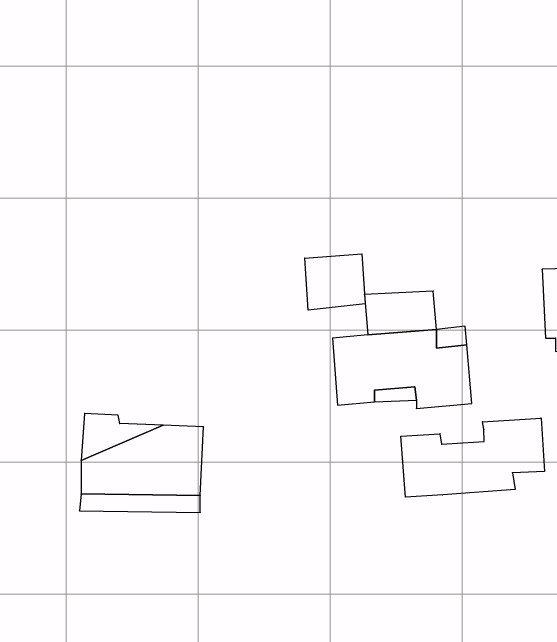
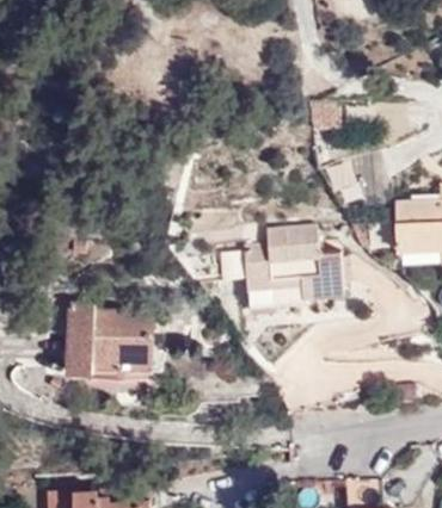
building: [305,254,365,310] -> none
building: [401,418,544,497] -> none

